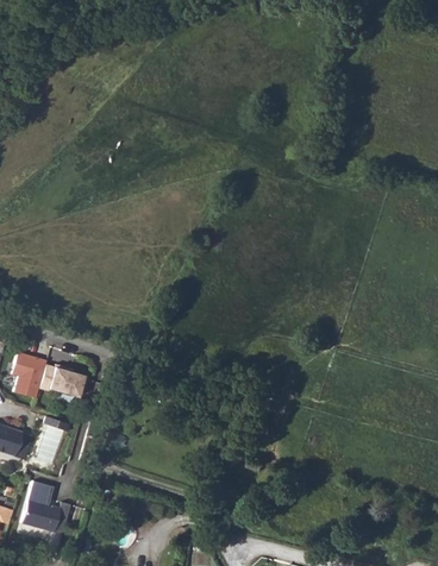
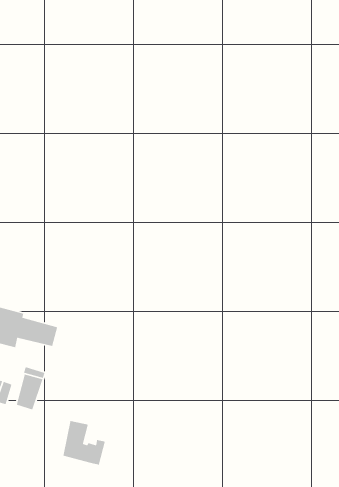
building: [24,484,73,535] -> [62,420,106,466]

